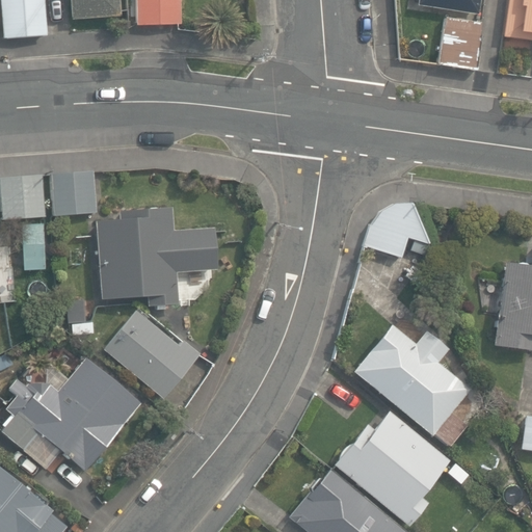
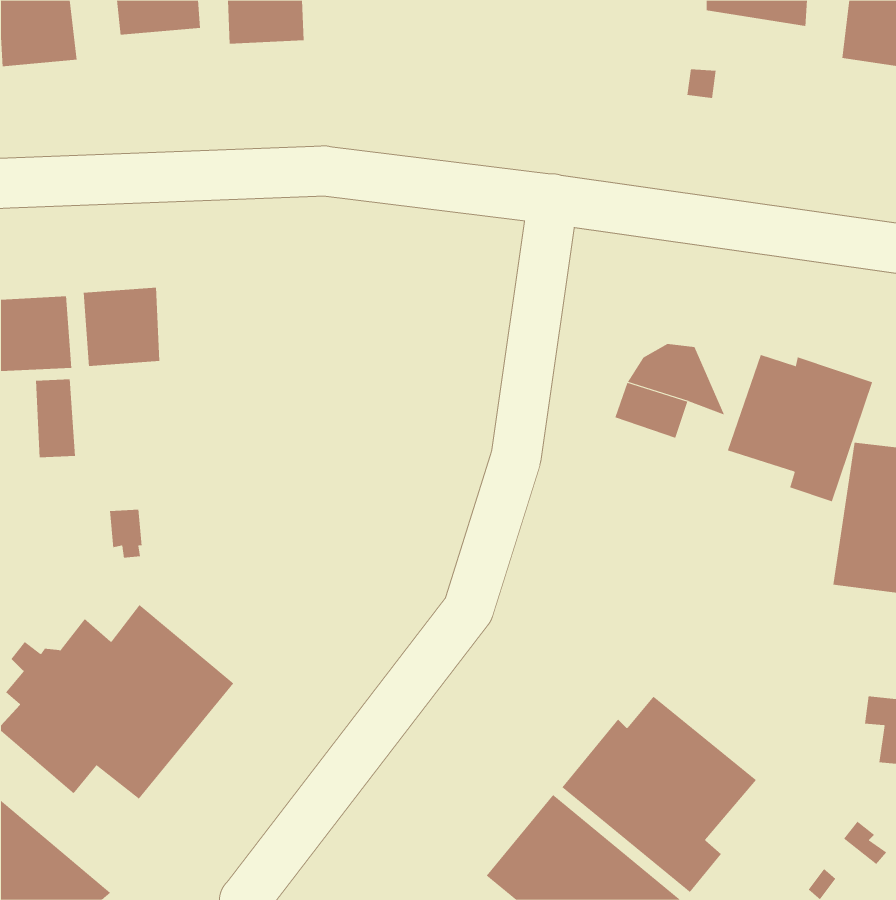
building: [440,17,482,71] -> none
building: [97,209,219,307] -> none
building: none -> [727,354,873,502]
building: [103,309,201,399] -> none
building: [351,324,469,446] -> none

